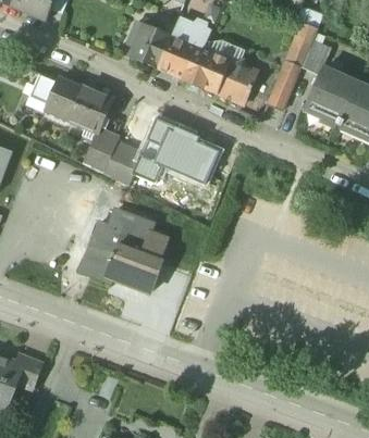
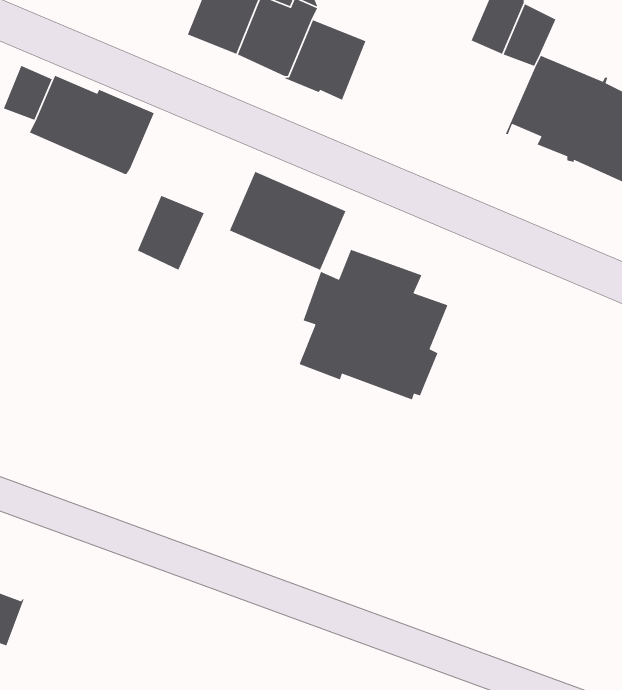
building: [216,58,257,102] -> none
building: [268,59,303,109] -> none
building: [84,128,119,173] -> none
building: [86,209,168,291] -> [299,249,449,401]

